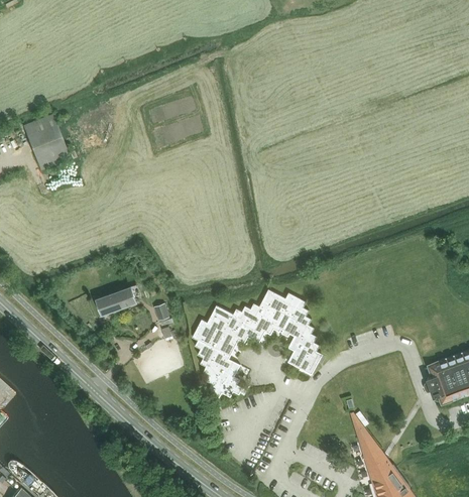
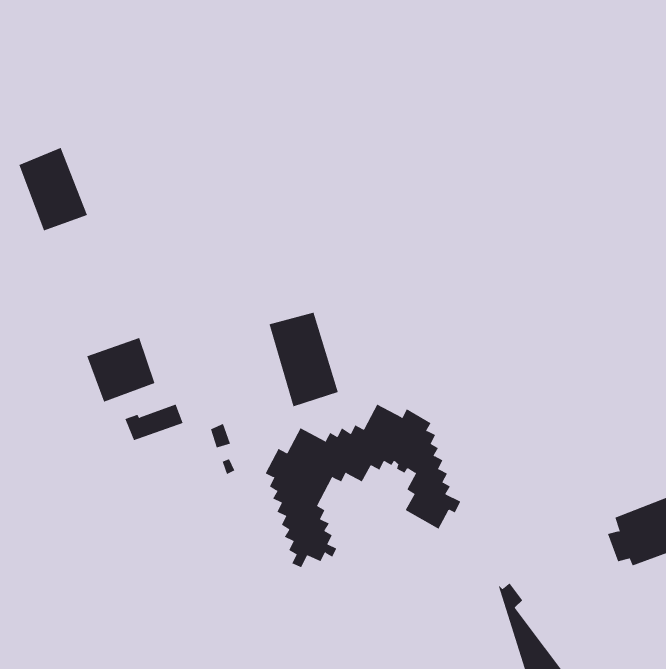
building: none -> [269,312,339,407]
building: none -> [86,337,155,403]

